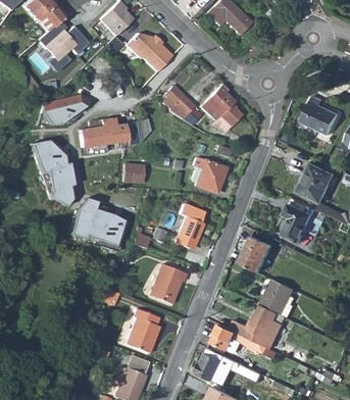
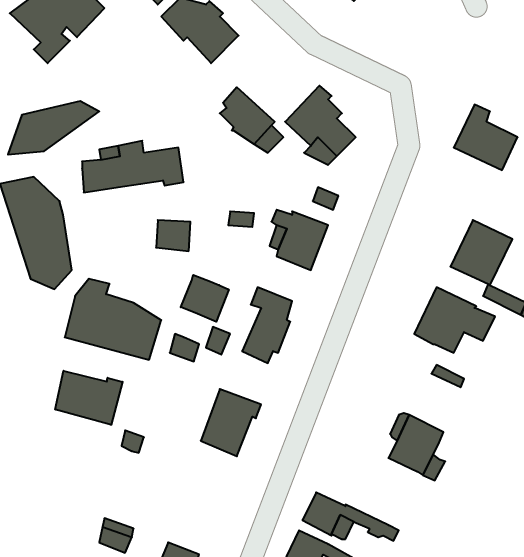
building: none -> [181,275,229,322]
building: [241,237,272,272] -> none
building: none -> [55,371,123,425]
building: [231,305,285,350] -> none
building: [127,308,160,353] -> none

